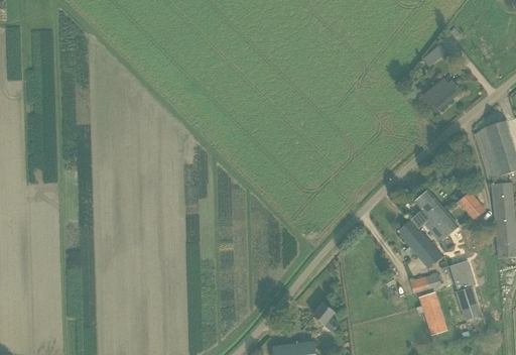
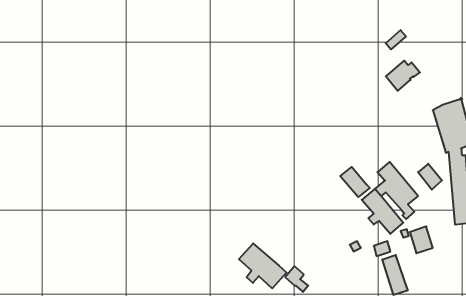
building: none -> [340,167,370,197]
building: none -> [239,243,286,288]
building: [456,285,481,319] -> none

